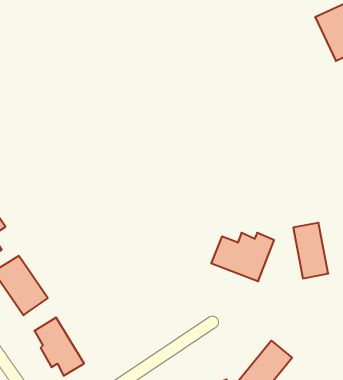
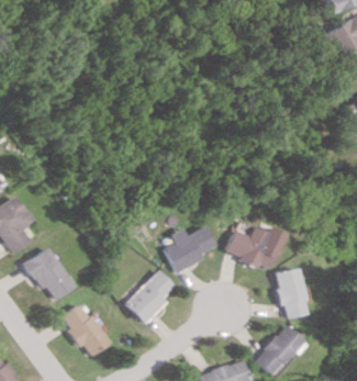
building: [293,223,328,278] -> [271,269,303,320]
building: none -> [165,226,215,273]
building: none -> [126,271,176,324]

